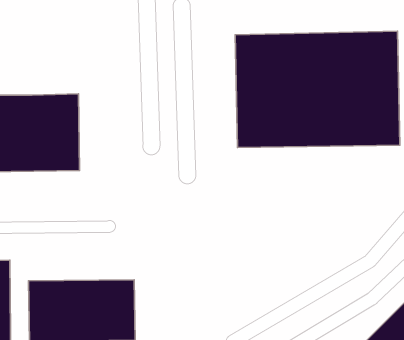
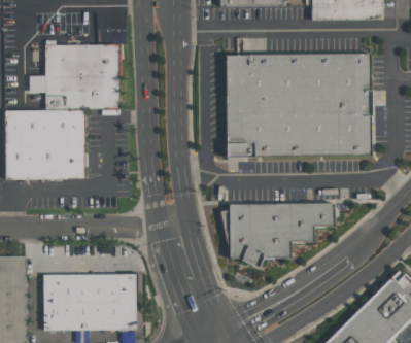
building: none -> [45,44,121,110]
building: none -> [221,204,334,268]

